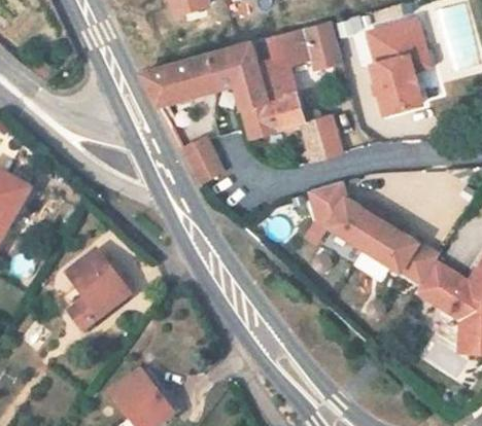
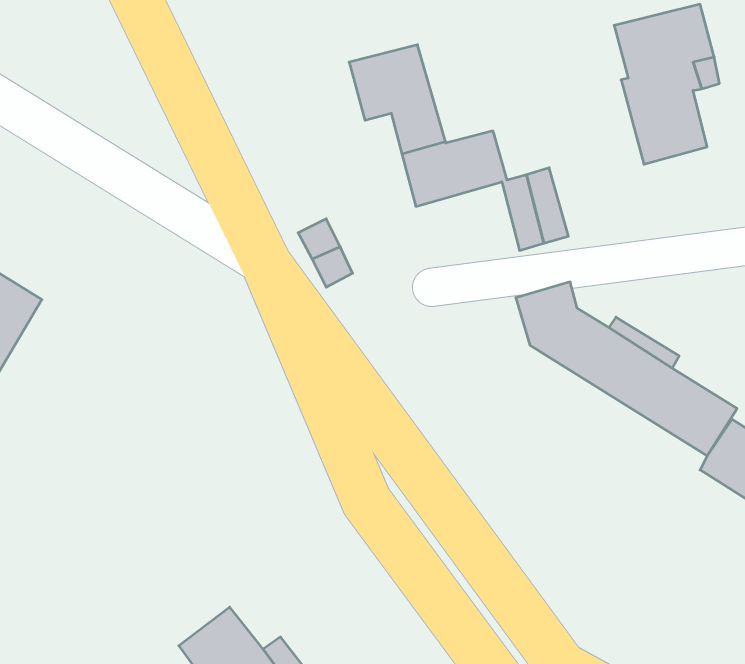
building: [250,23,340,101] -> none
building: [141,54,219,105] -> none
building: [62,252,130,333] -> none

